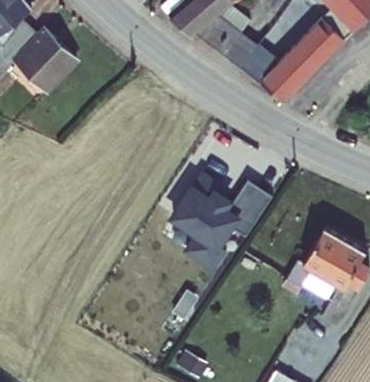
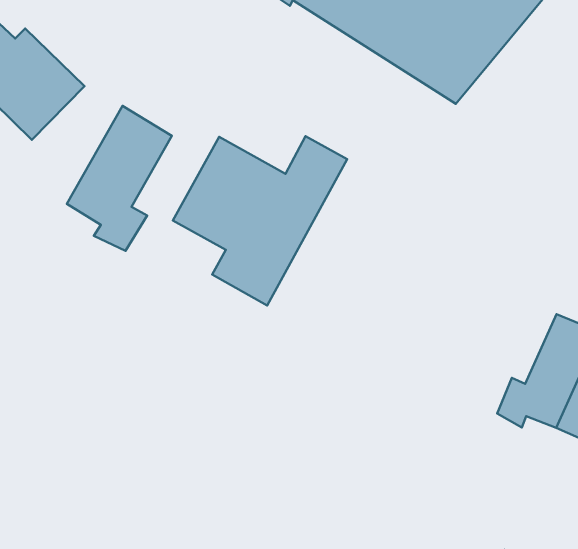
building: none -> [67,106,172,251]
building: [168,177,269,274] -> [173,136,347,305]

